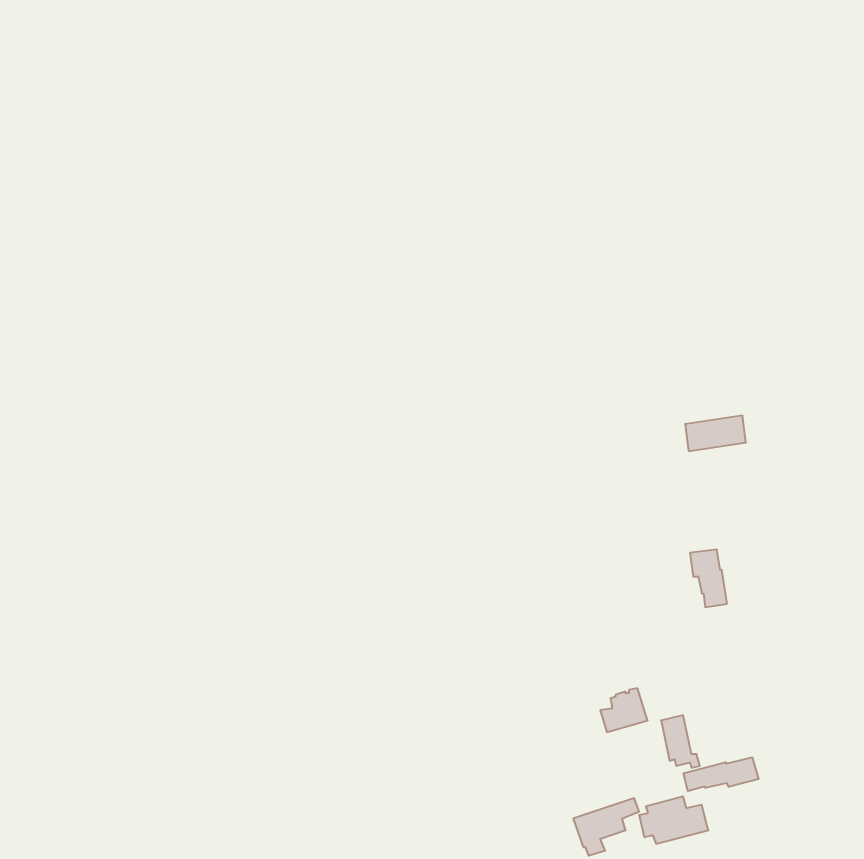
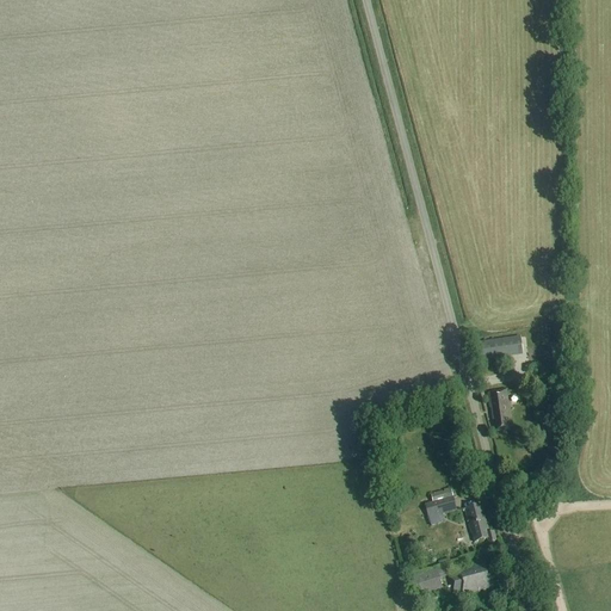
building: [685,416,746,451] -> [480,334,523,359]
building: [683,757,759,791] -> none

